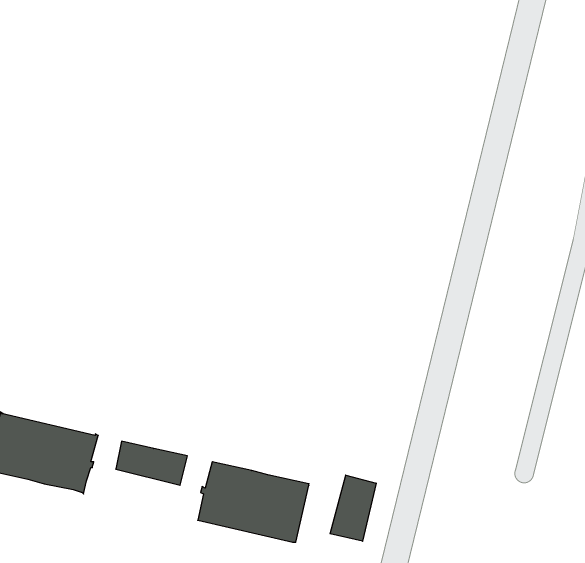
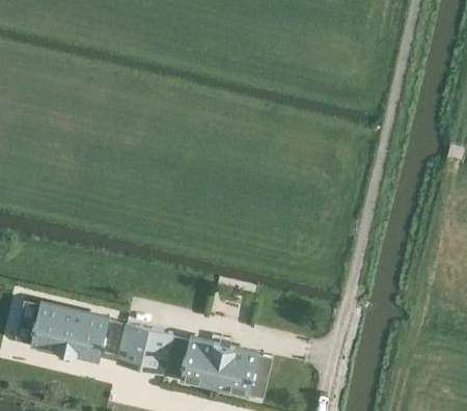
building: none -> [117,341,168,373]
building: [330,475,376,541] -> none

